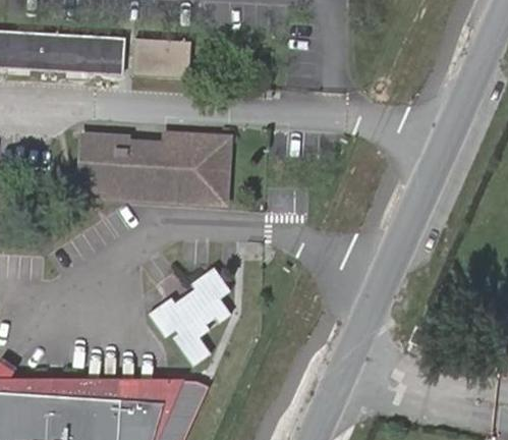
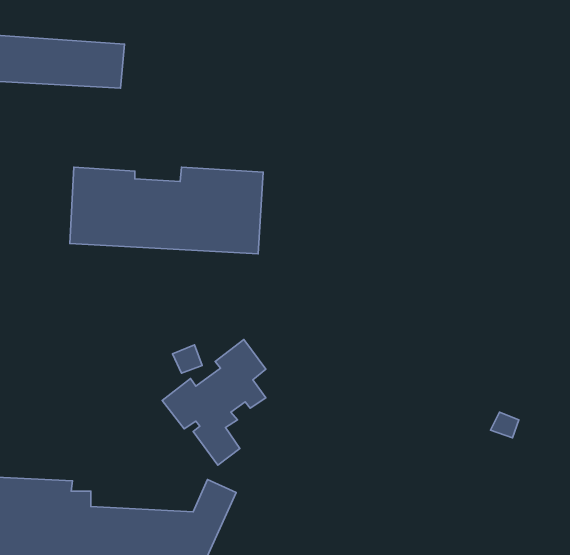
building: [129,38,185,73] -> none
building: [78,378,185,403] -> none

